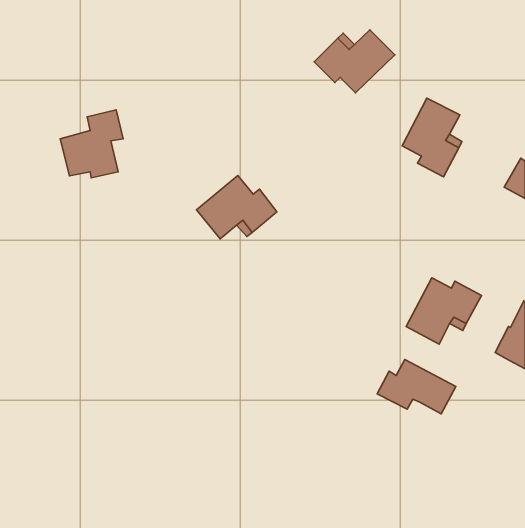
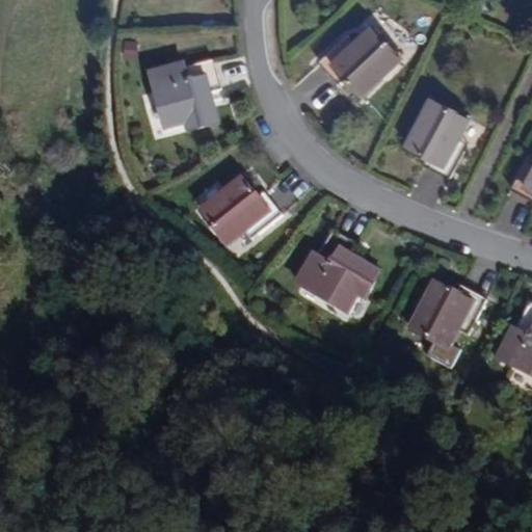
building: [60,110,123,178] -> [154,59,217,128]
building: none -> [295,231,375,309]
building: [377,359,456,414] -> none

